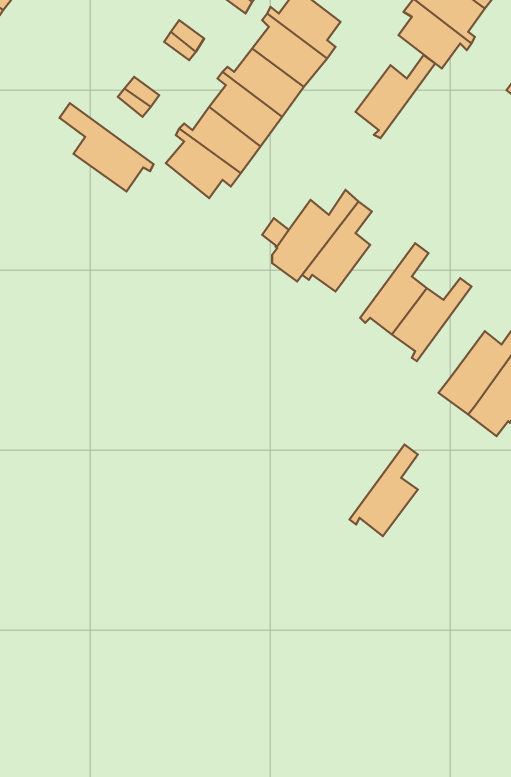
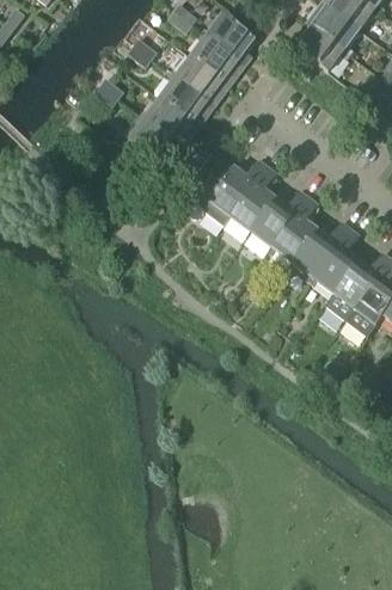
building: [355,55,435,138] -> [252,189,310,248]
building: [60,103,153,191] -> none
building: [350,445,418,536] -> [311,226,360,291]

